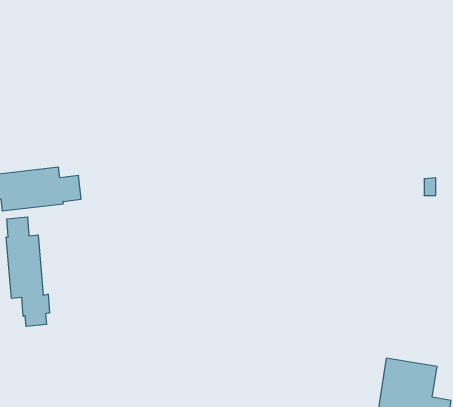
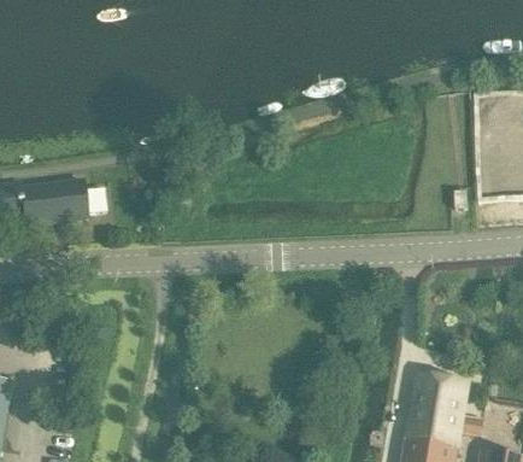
building: [6,217,50,326] -> none

